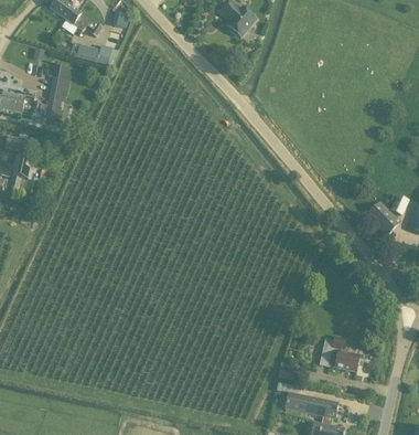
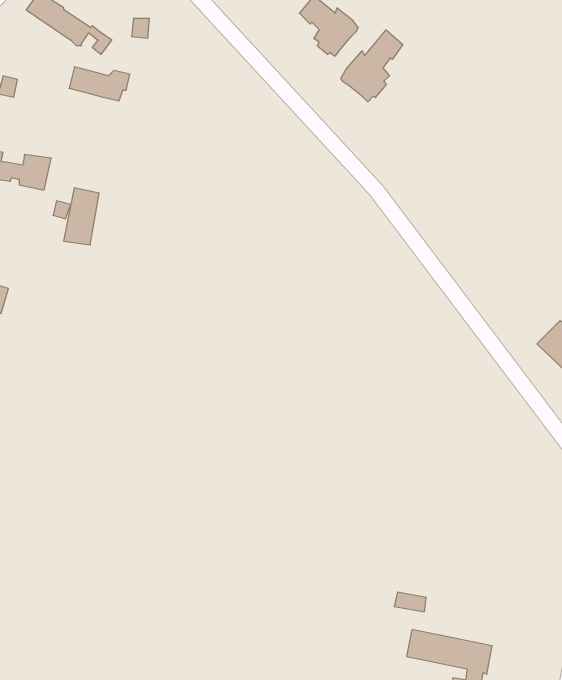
building: none -> [341,30,403,102]
building: [49,64,71,99] -> [64,188,99,245]
building: [321,335,358,371] -> none

